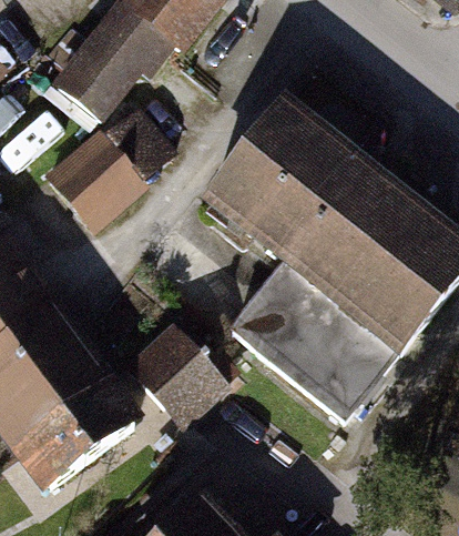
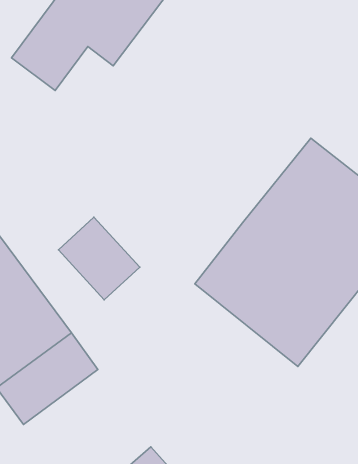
building: [45,105,176,227] -> none
building: [208,105,363,262] -> none
building: [134,330,223,419] -> [58,217,140,300]

